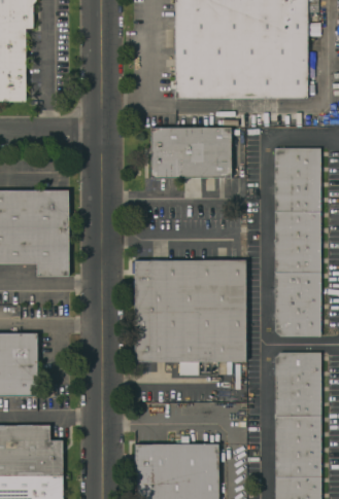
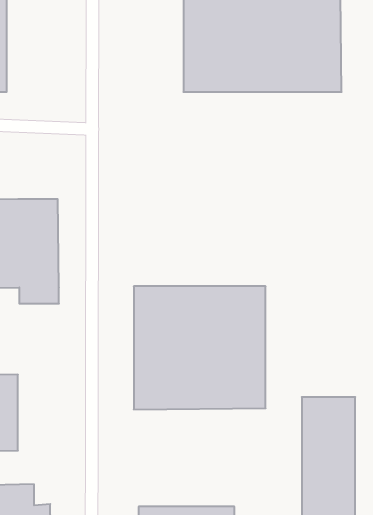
building: [150,129,231,180] -> none
building: [274,147,320,334] -> none

